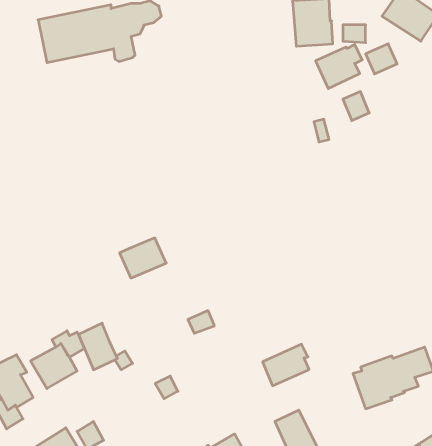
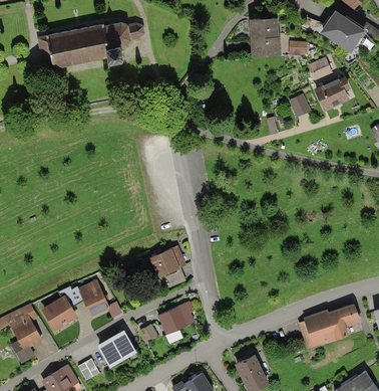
building: [316,45,362,89] -> [315,79,352,115]
building: [120,238,166,278] -> [150,247,187,279]
building: [263,344,309,386] -> [158,301,196,334]
building: none -> [97,332,136,369]

